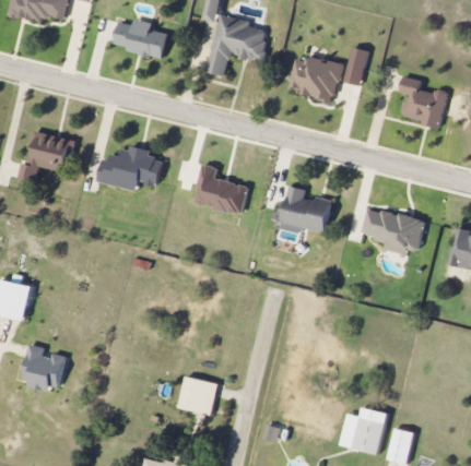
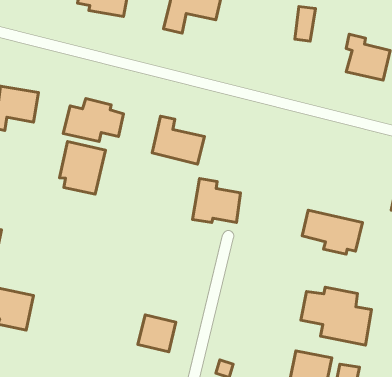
building: [287,53,342,100] -> none
building: [280,186,331,232] -> [192,178,241,222]
building: none -> [59,141,105,194]
building: [361,207,425,254] -> [302,210,363,254]
building: none -> [301,287,371,345]

